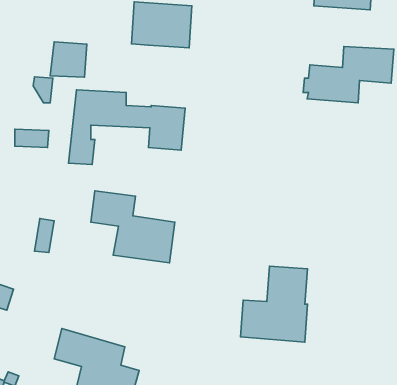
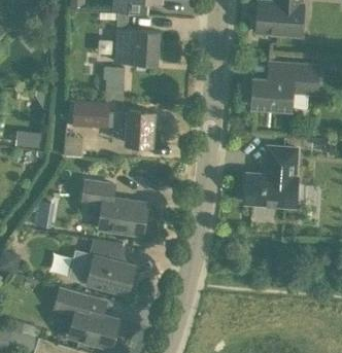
building: [50,42,87,77] -> [96,66,125,94]
building: [241,266,307,342] -> [244,147,297,207]
building: none -> [69,239,134,294]

